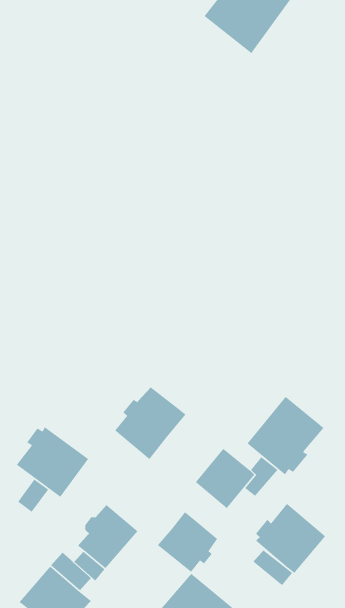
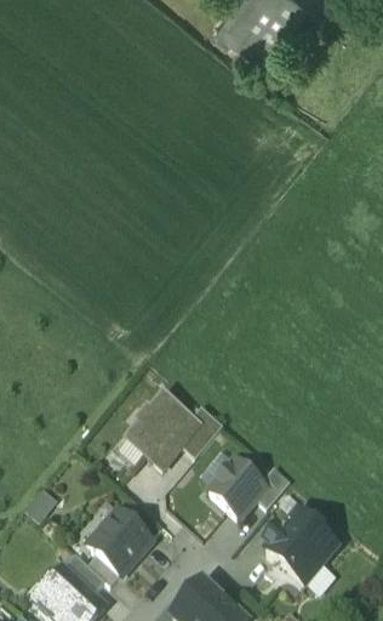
building: [246,396,324,475] -> none
building: none -> [179,404,222,455]
building: [16,426,89,498] -> none
building: [157,511,218,573] -> none

